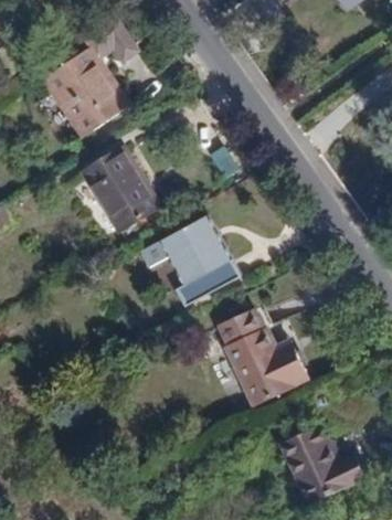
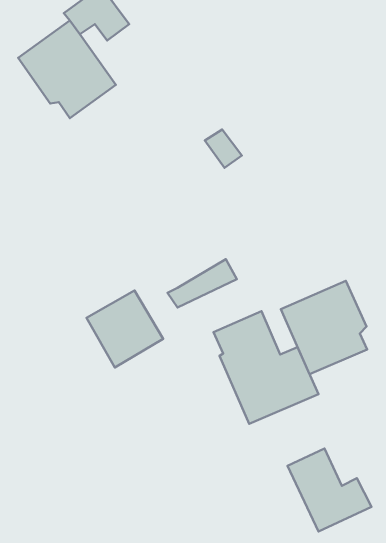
building: [83,150,156,231] -> none
building: [160,217,229,286] -> [86,291,163,367]
building: none -> [281,281,367,374]

